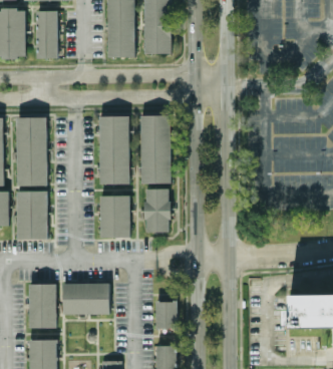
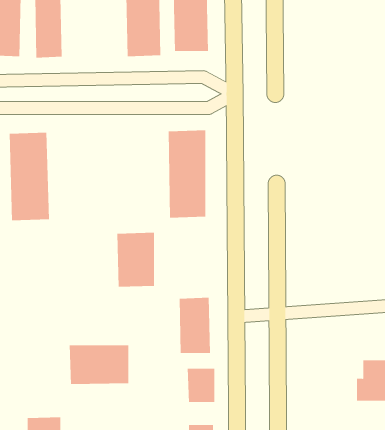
building: [98,115,129,183] -> none
building: [144,188,170,232] -> [179,297,211,354]
building: [15,190,47,239] -> none
building: [29,284,56,327] -> none

